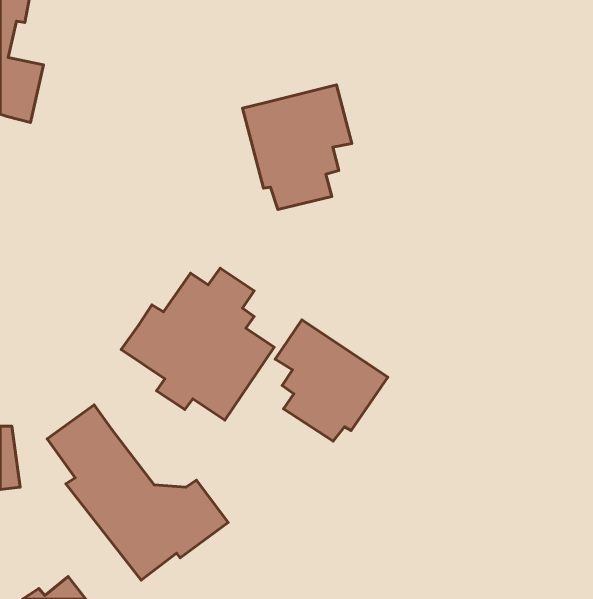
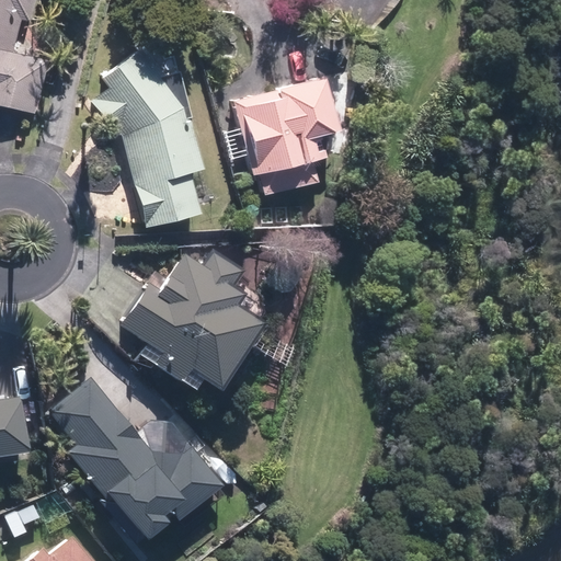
building: none -> [92,49,204,227]
building: [275,320,388,441] -> none

